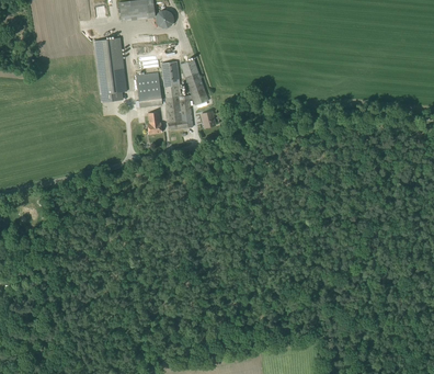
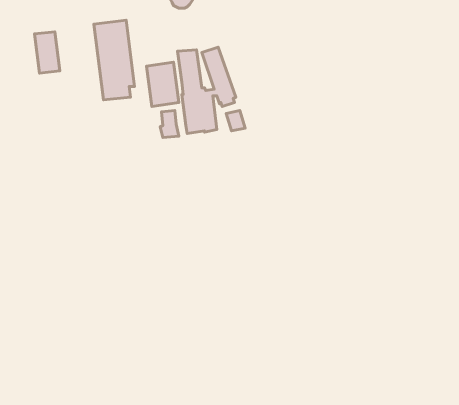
building: none -> [35,32,60,73]

